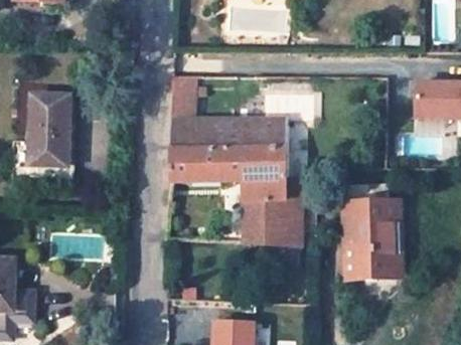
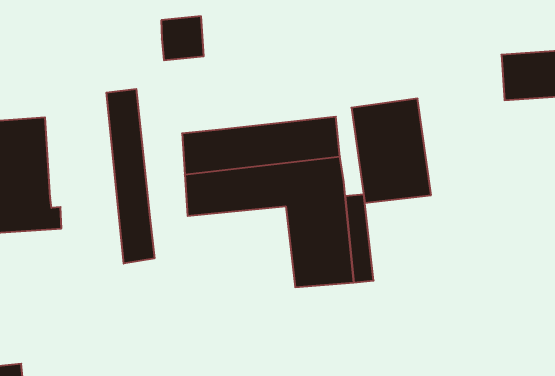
building: none -> [106,89,154,264]
building: [170,88,201,118] -> [161,16,204,60]
building: [345,200,399,275] -> [351,99,431,203]

